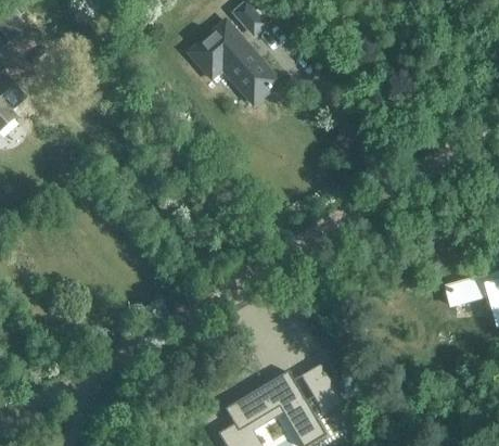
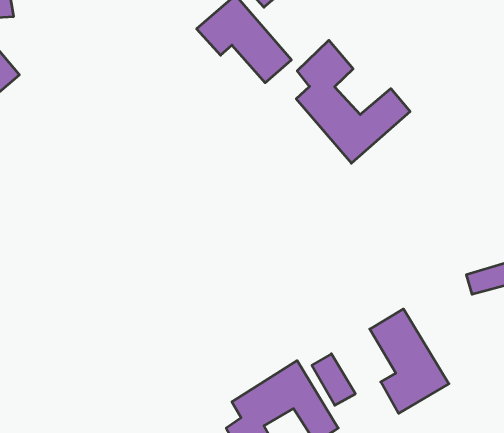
building: none -> [296,40,410,163]
building: none -> [370,309,449,413]

